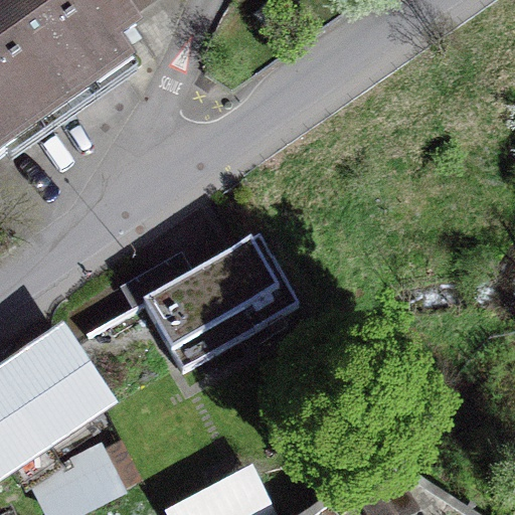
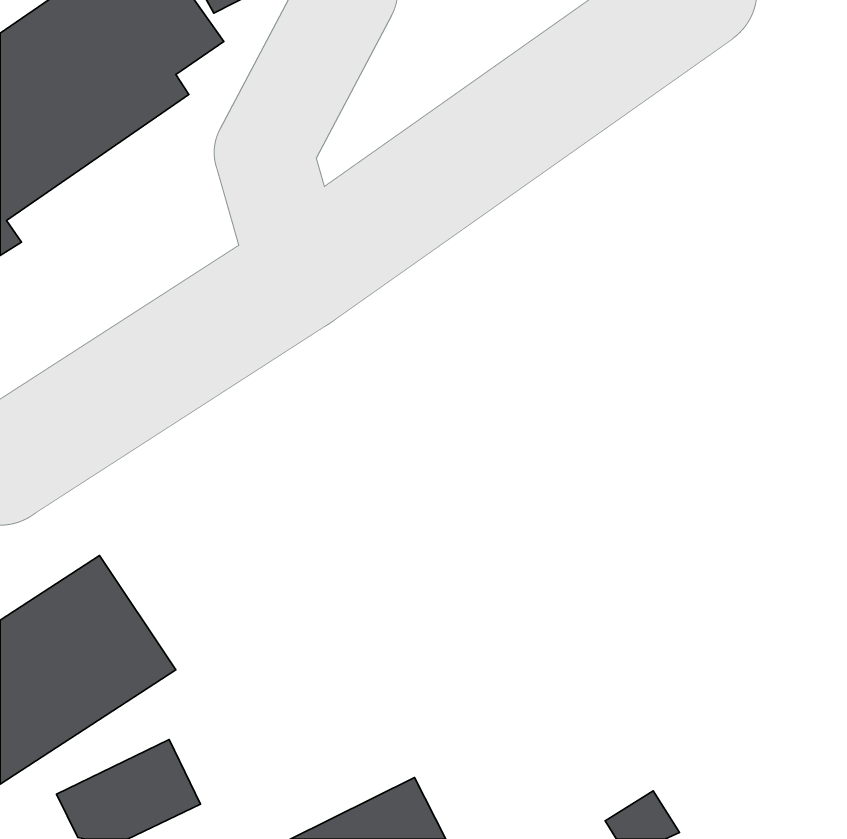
building: [145,238,299,371] -> none

